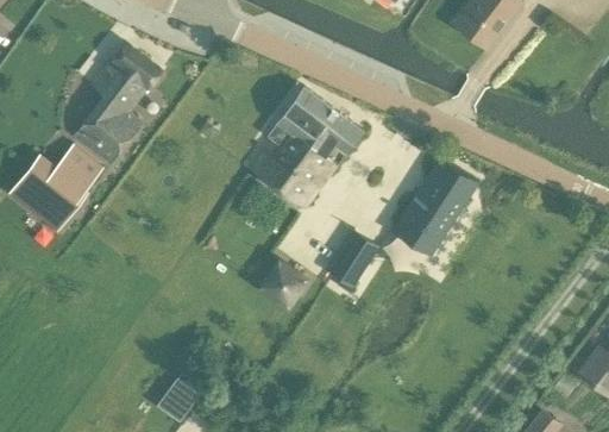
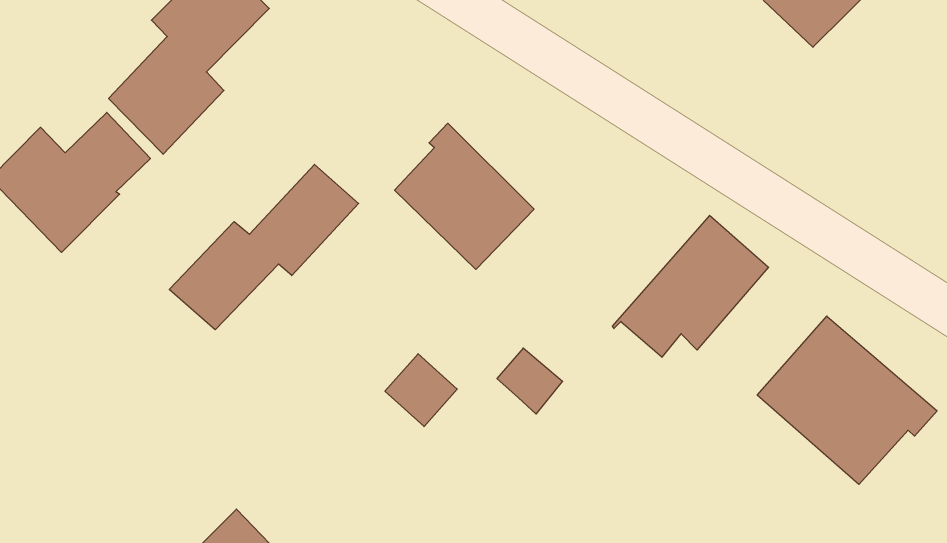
building: [275,86,362,167] -> none
building: none -> [169,164,359,330]
building: none -> [757,316,937,484]

